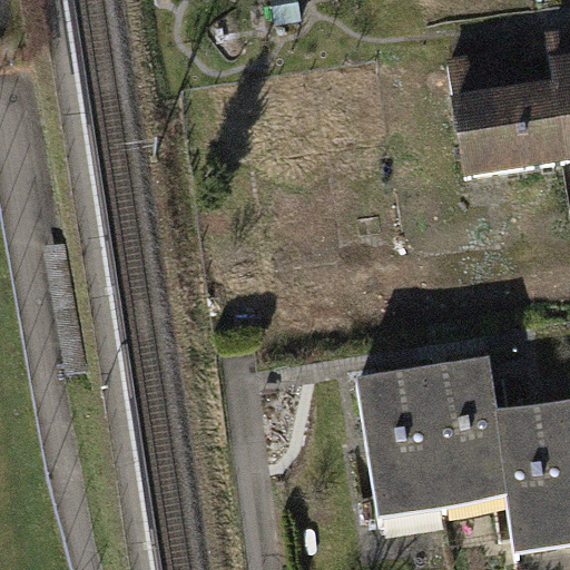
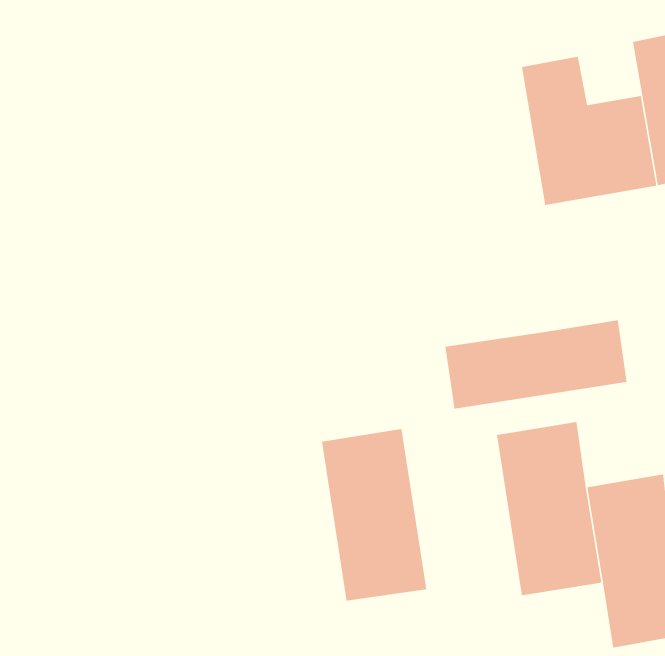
building: none -> [445,319,627,409]
building: [356,370,446,517] -> [321,428,427,601]

